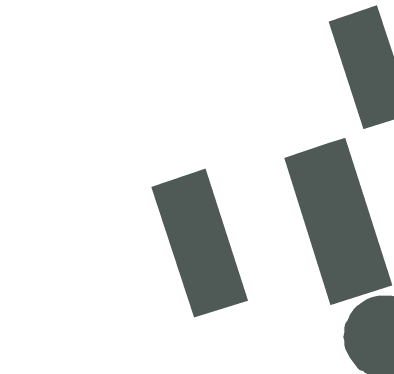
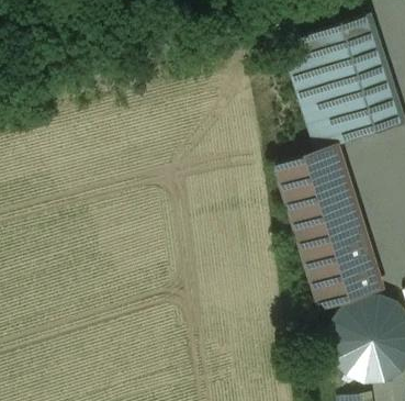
building: none -> [285,33,353,151]
building: [150,168,249,318] -> none

